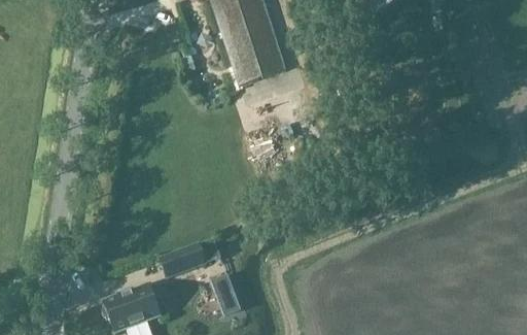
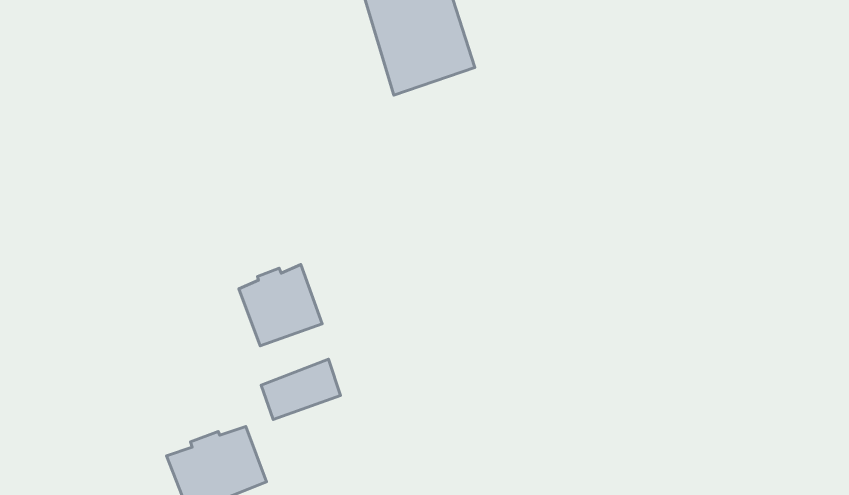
building: none -> [239,265,322,346]
building: [210,272,240,314] -> none

